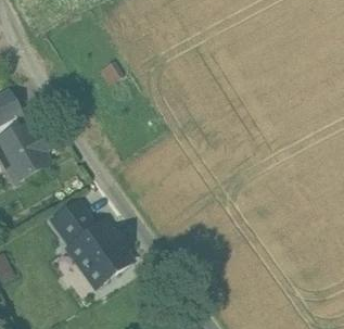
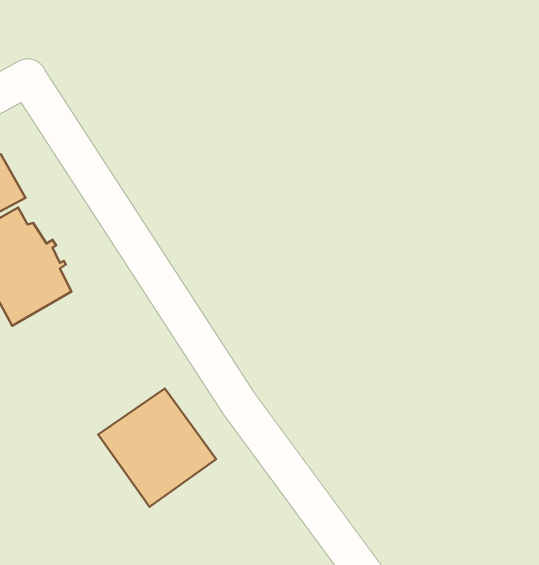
building: [51,199,98,244] -> none

